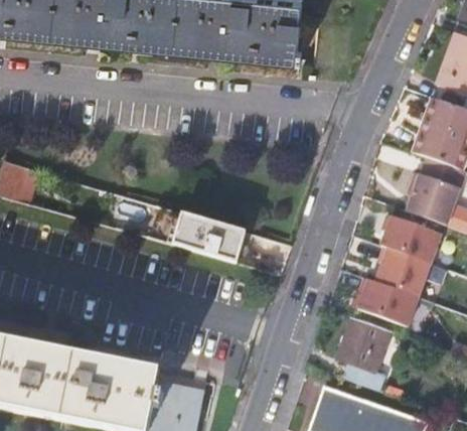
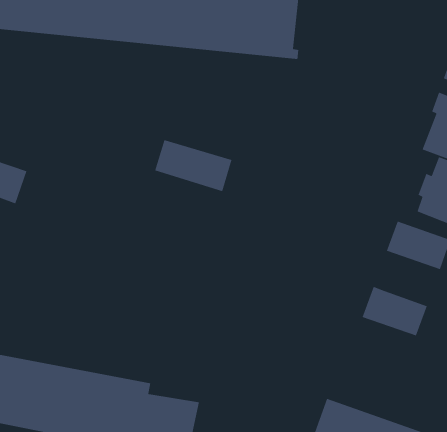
building: [176,218,251,268] -> [154,139,232,192]
building: [376,247,434,299] -> none
building: [336,315,387,391] -> none

